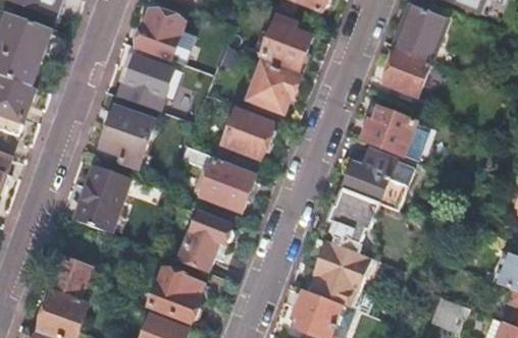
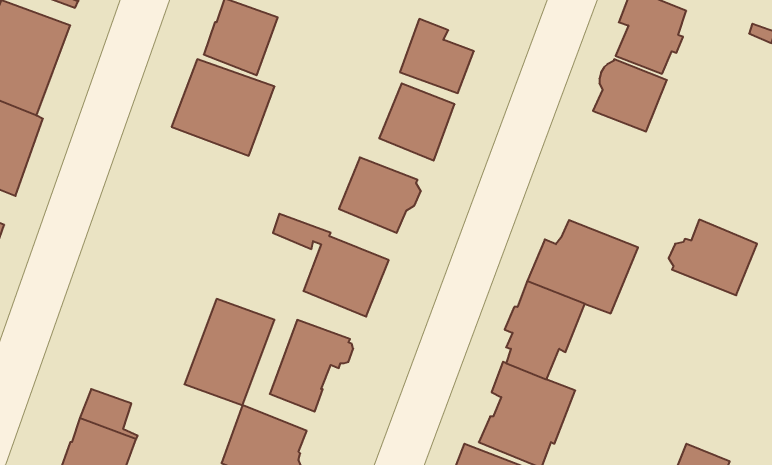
building: [359,107,415,155] -> [669,220,757,295]
building: [100,108,154,167] -> none
building: [73,165,131,232] -> [184,299,275,405]

